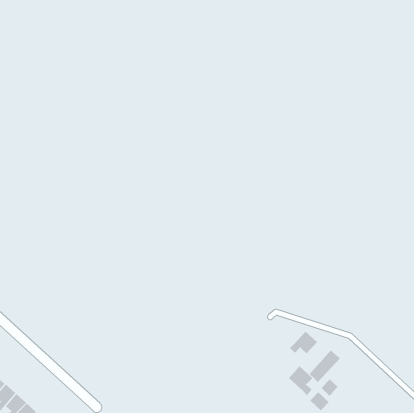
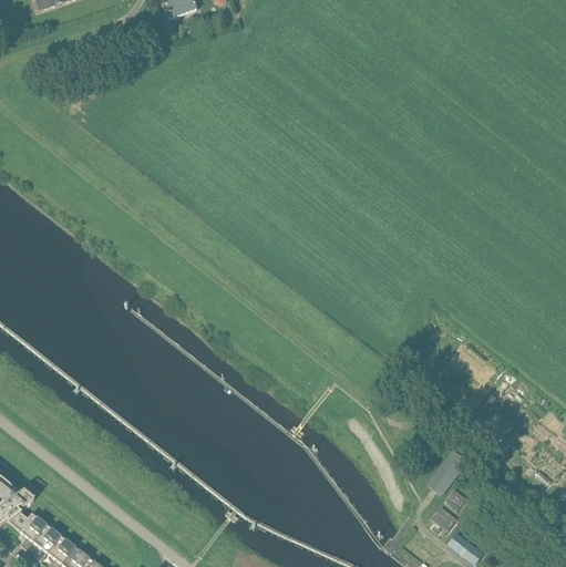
building: [289,331,318,354] -> none
building: [288,366,313,396] -> none

